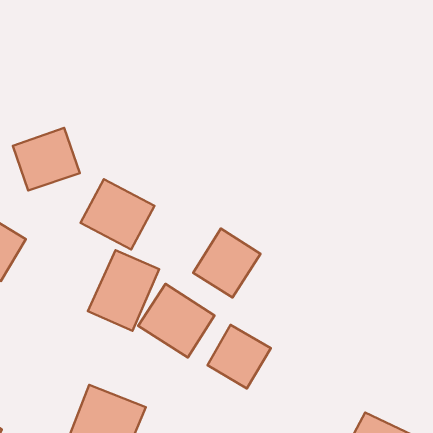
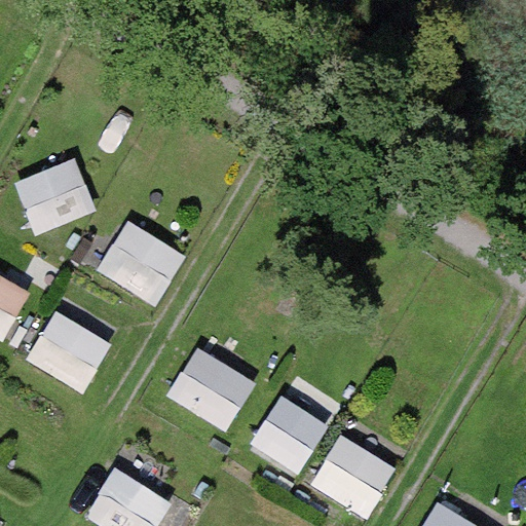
building: [193,229,260,297] -> none
building: [88,250,159,331] -> [29,294,114,390]
building: none -> [310,436,398,521]

